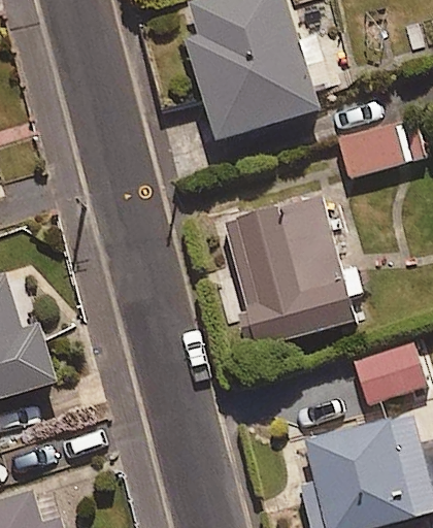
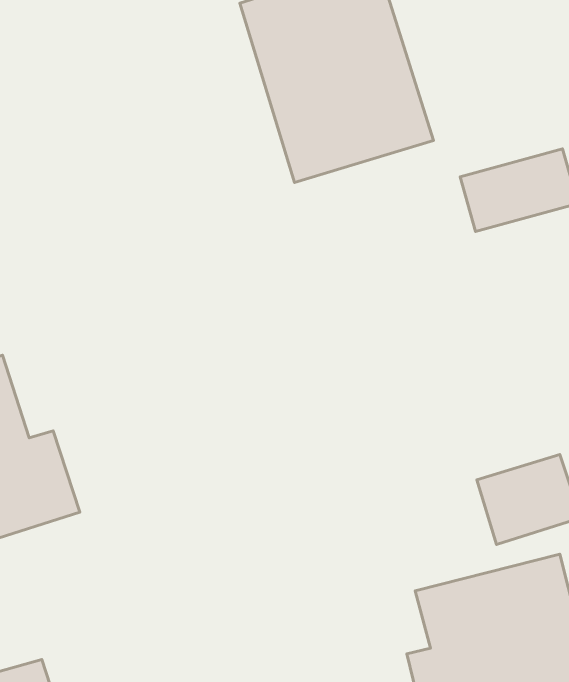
building: [219,194,364,351] -> none

